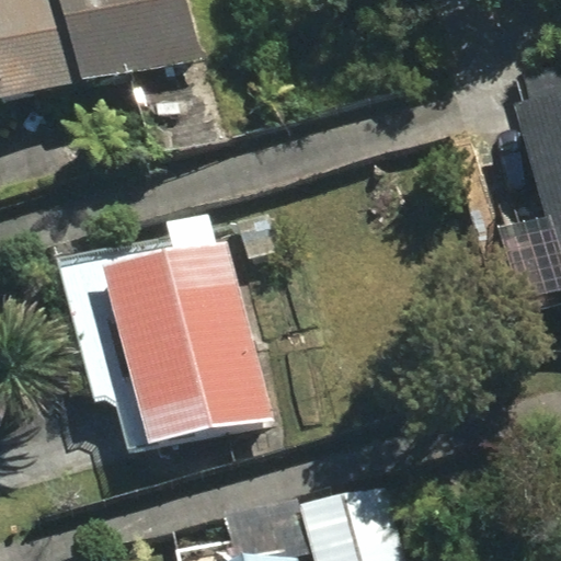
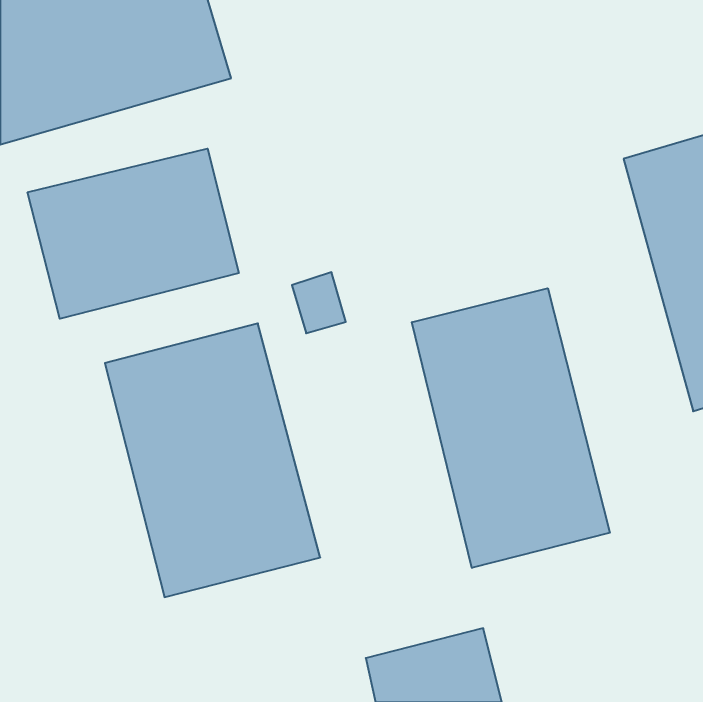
building: none -> [28,149,239,319]
building: none -> [412,288,610,568]

